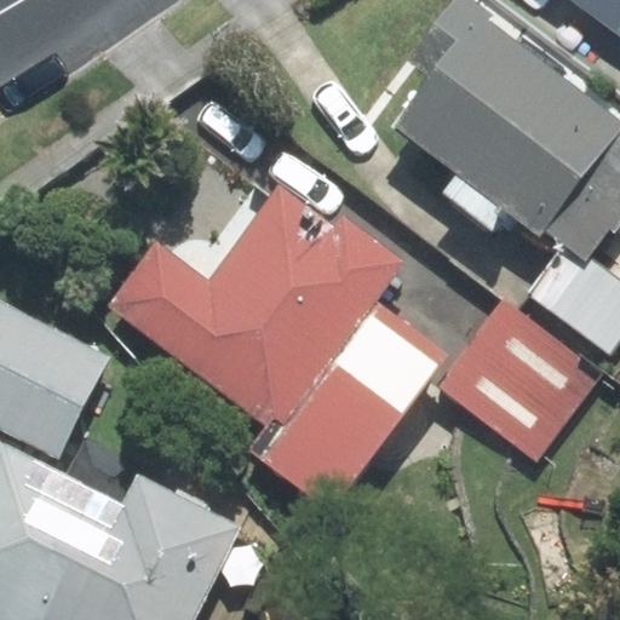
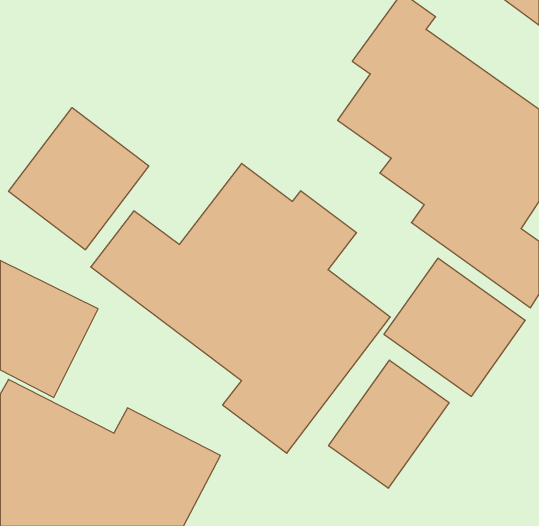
building: none -> [9,108,149,250]
building: none -> [329,360,449,488]

